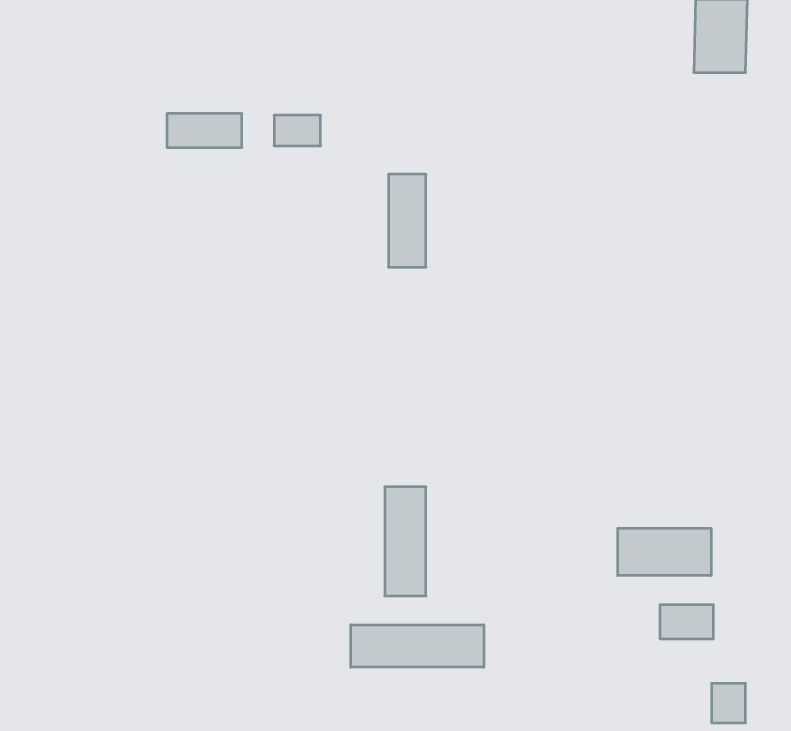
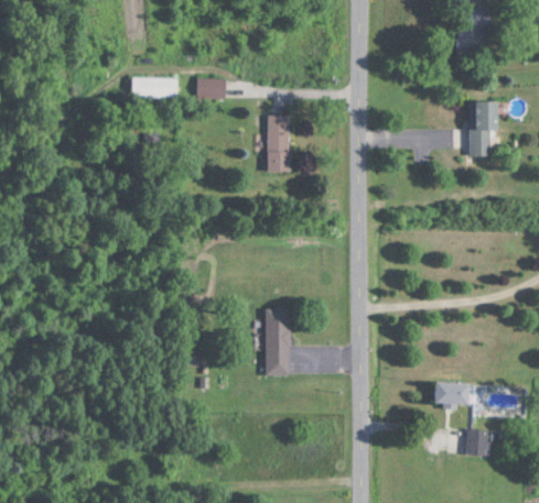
building: none -> [470,101,498,157]
building: [618,528,711,576] -> none
building: [351,625,484,667] -> none

